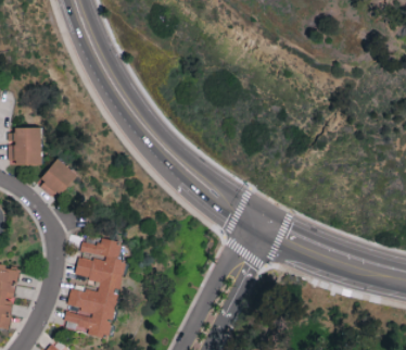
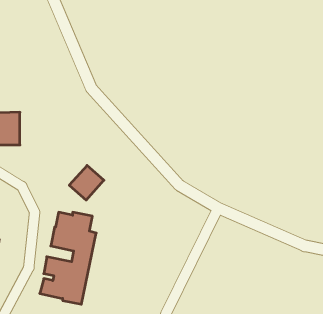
building: [39,159,77,197] -> [69,165,104,200]

